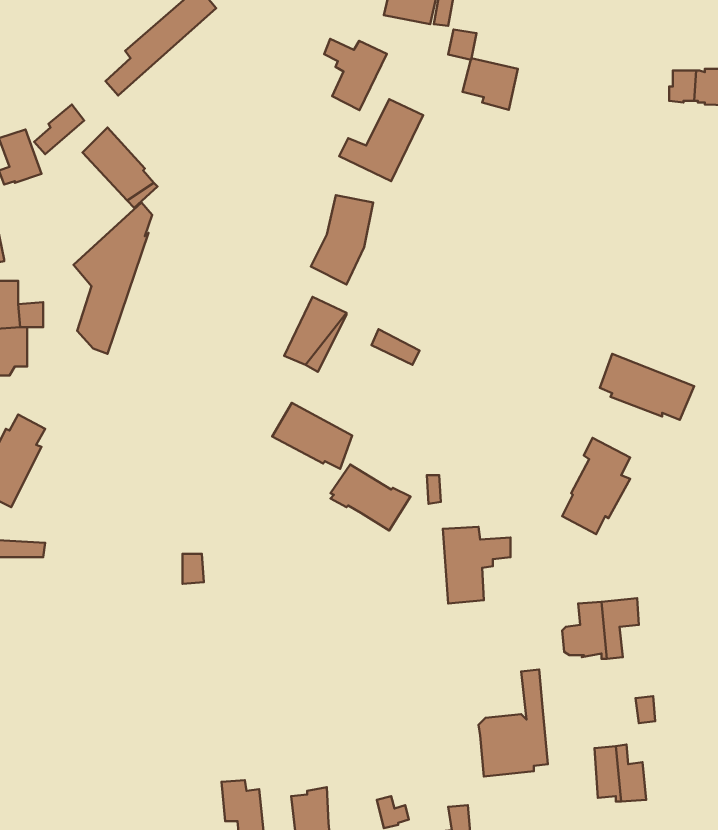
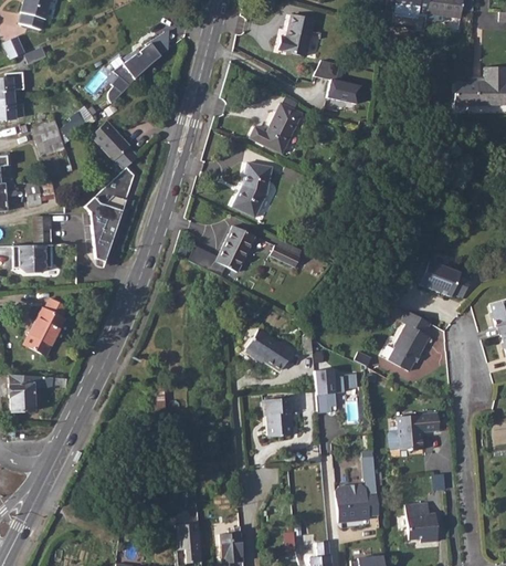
building: [324,39,387,110] -> none
building: [272,403,352,469] -> none
building: none -> [264,397,294,436]

